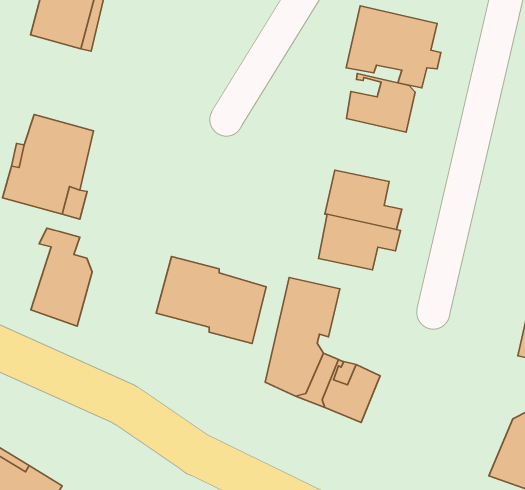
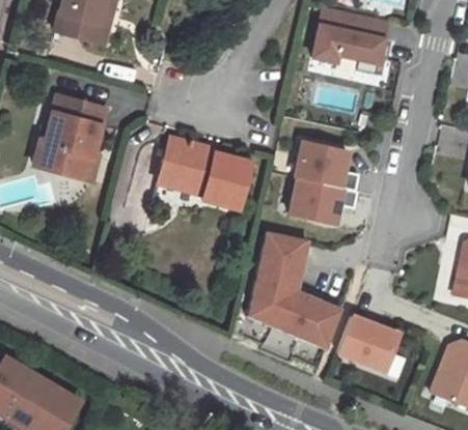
building: [346,74,415,132] -> none
building: [31,228,92,326] -> none
building: [156,256,266,344] -> [159,138,249,209]
building: none -> [337,317,400,371]

